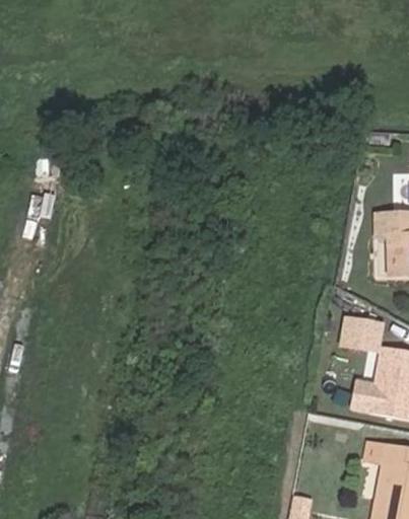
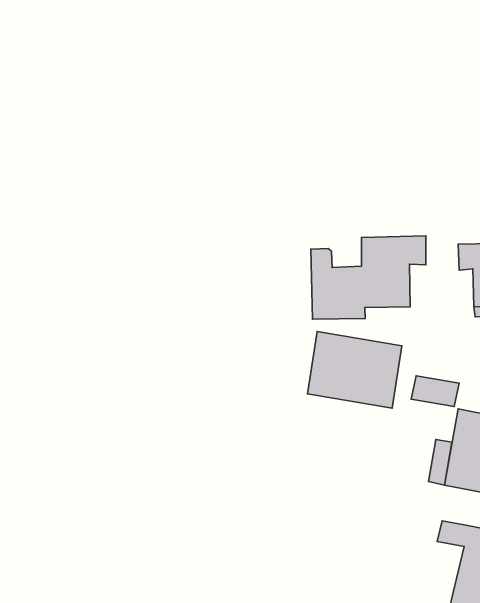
building: none -> [311,236,426,319]
building: none -> [307,331,402,408]

